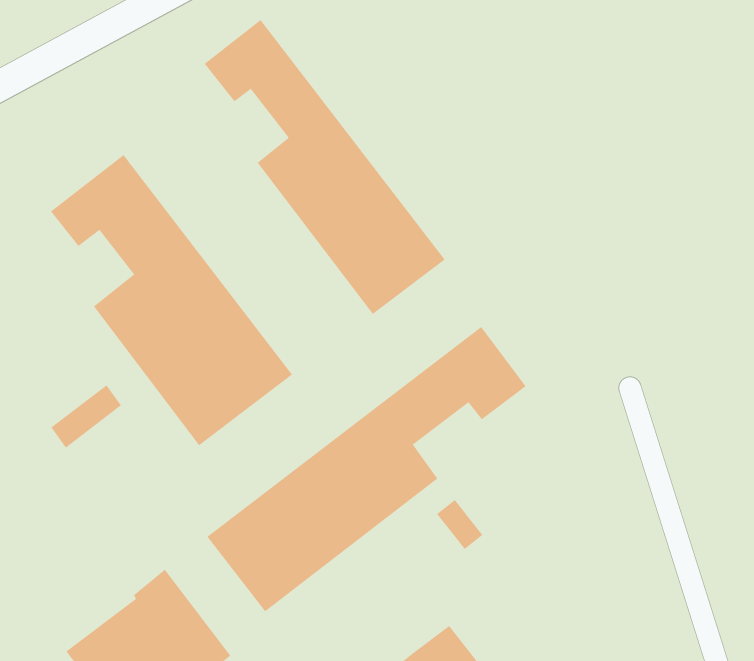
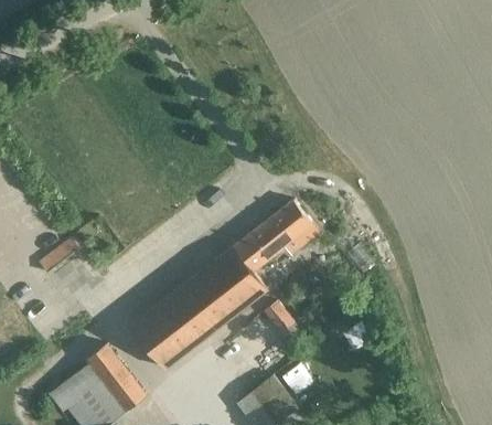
building: [204,19,445,315] -> none
building: [50,154,293,446] -> none

